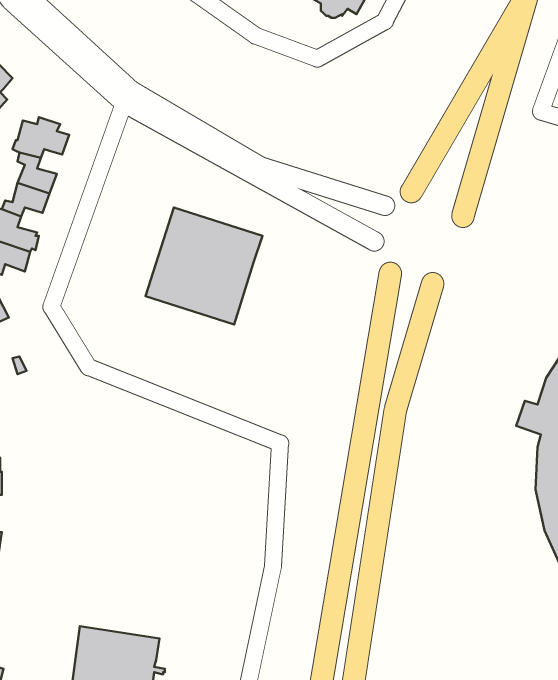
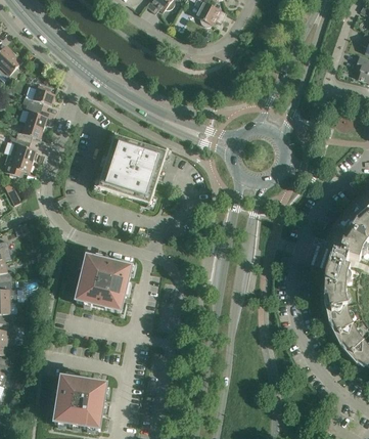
building: none -> [76,257,133,312]

